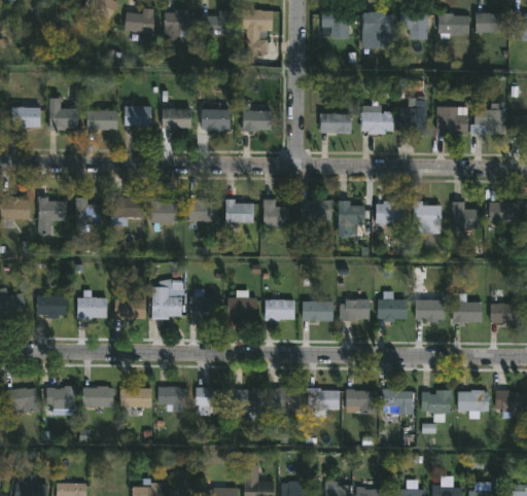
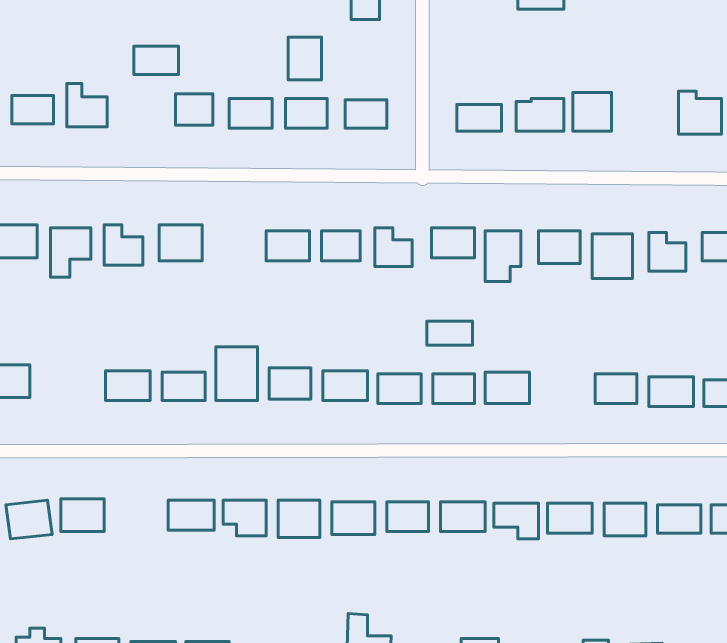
building: none -> [288,37,322,80]
building: [436,106,467,132] -> none
building: [85,110,116,130] -> [134,46,179,75]
building: [150,199,176,221] -> none
building: none -> [427,321,472,345]
building: [37,295,65,317] -> none
building: [377,299,407,319] -> none
building: [82,387,113,408] -> none

